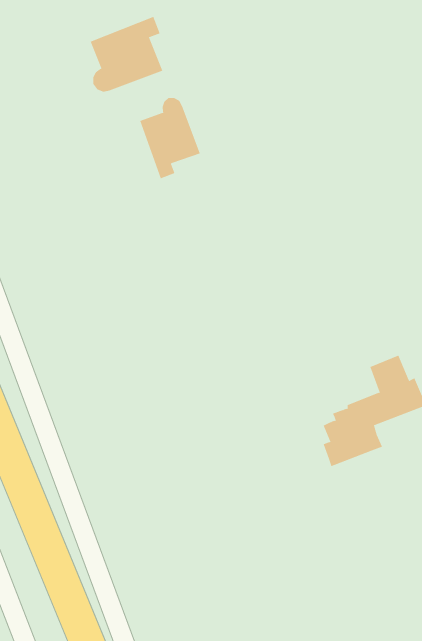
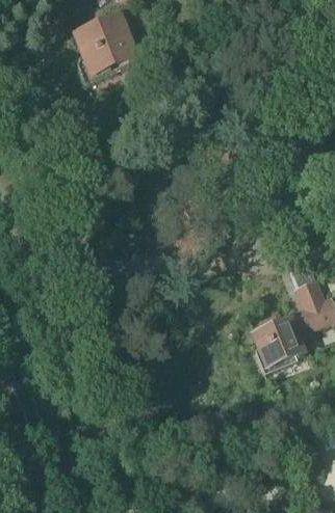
building: [140,97,200,179] -> none

